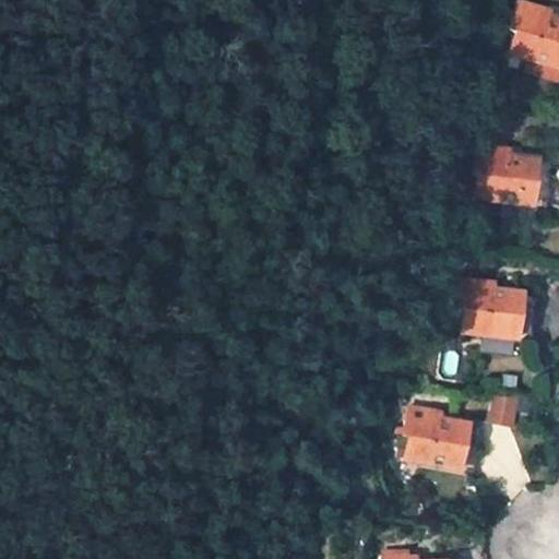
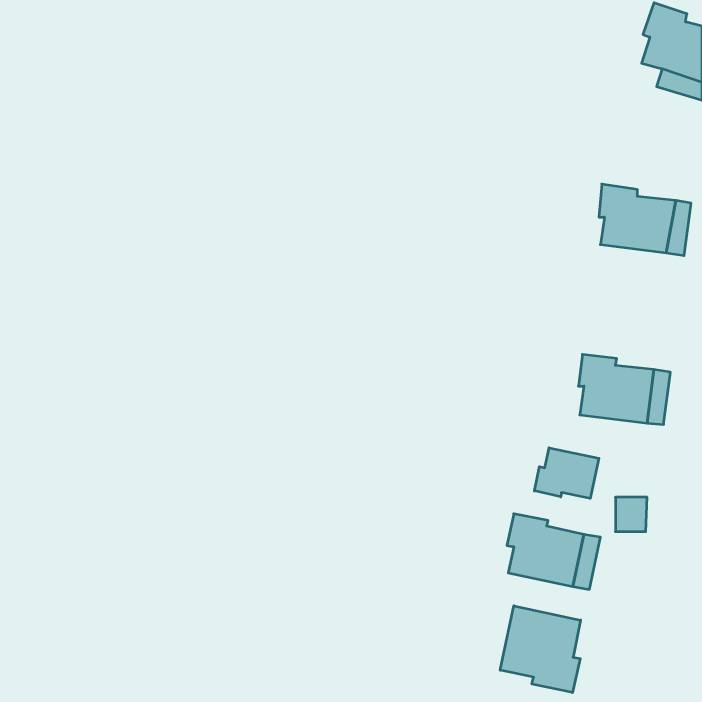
building: none -> [534,448,599,498]
building: none -> [500,606,581,693]

